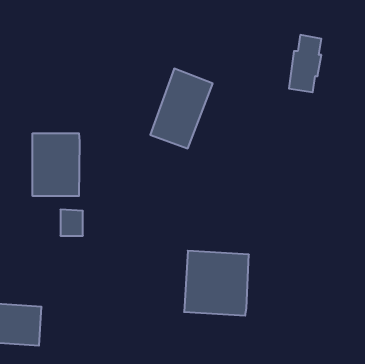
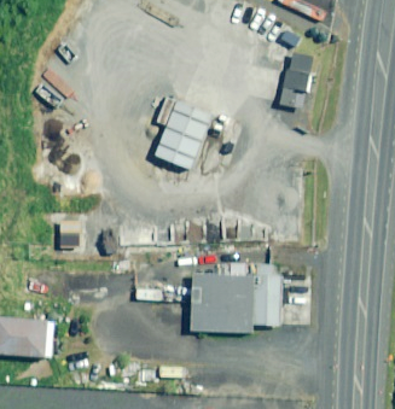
building: [33,133,80,196] -> none
building: none -> [243,270,275,325]

